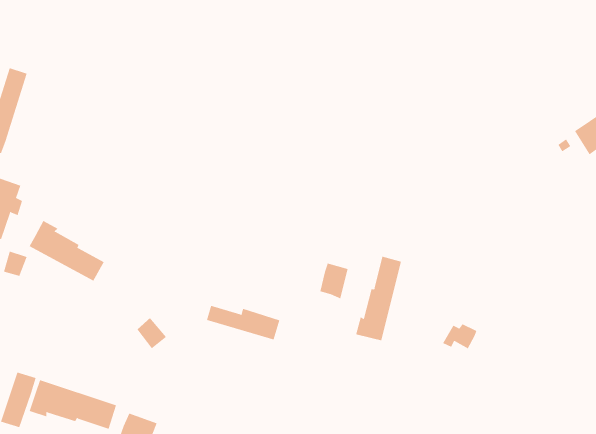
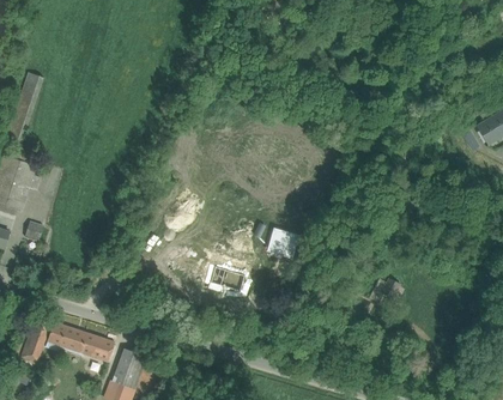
building: [29,220,105,282] -> none
building: [356,256,402,341] -> none

